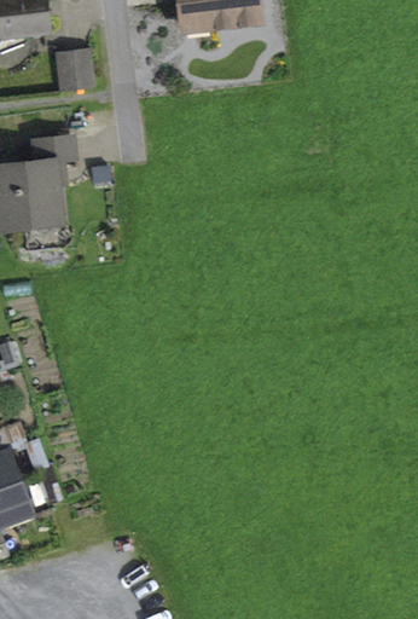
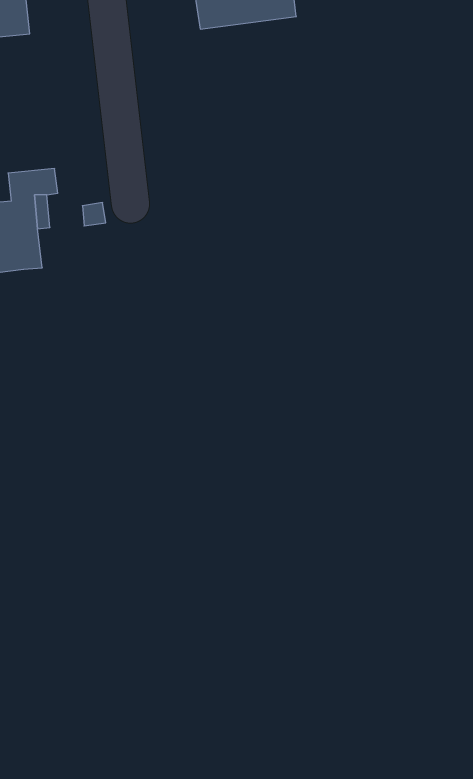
building: [56,48,93,92] -> none

